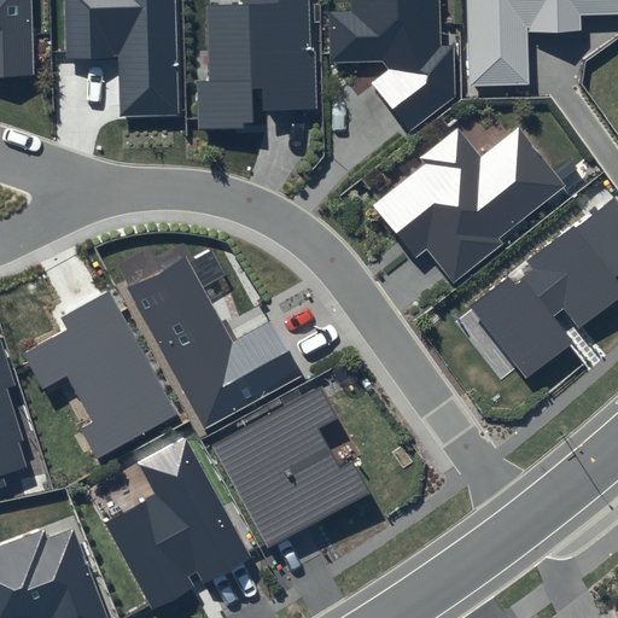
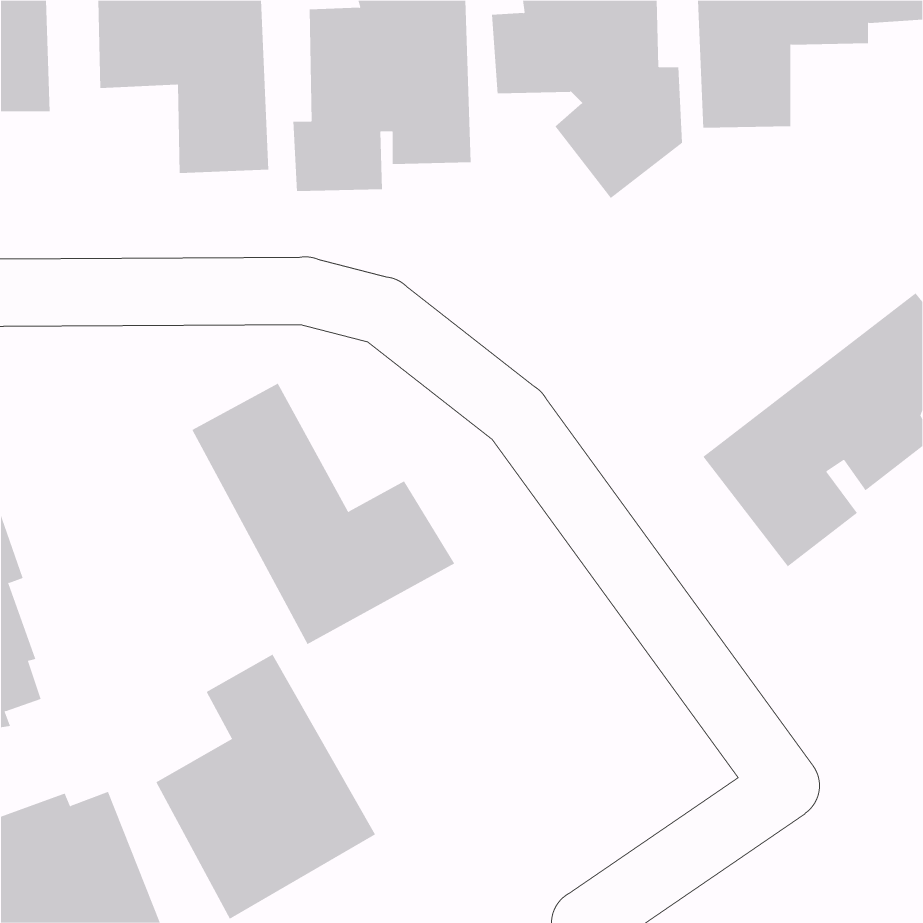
building: [373,128,565,282] -> none
building: [23,292,176,459] -> none
building: [211,386,371,548] -> none

